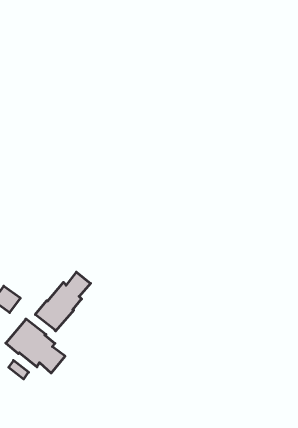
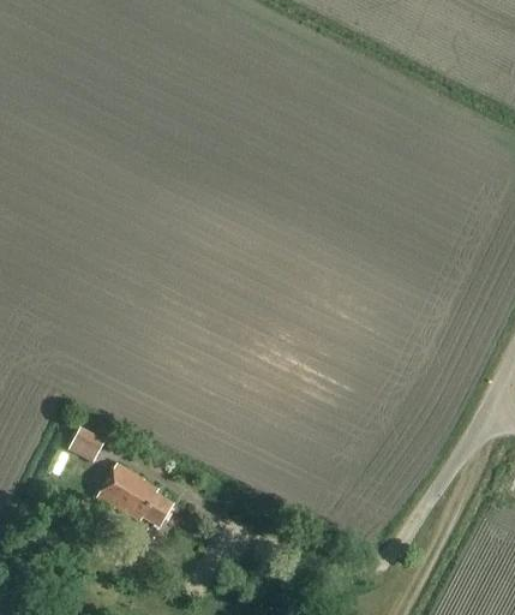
building: [35,272,91,331] -> none

